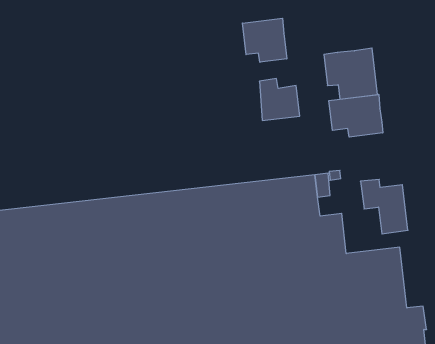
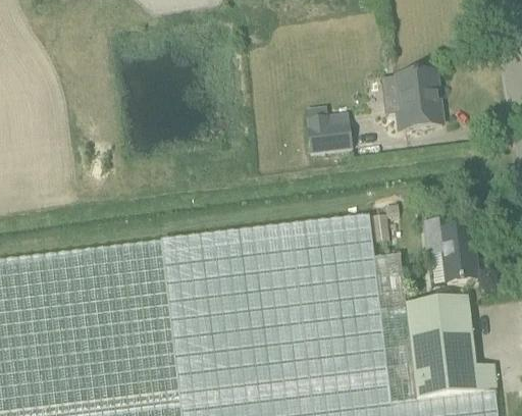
building: [242,18,287,62] -> none
building: [329,94,383,137] -> none

